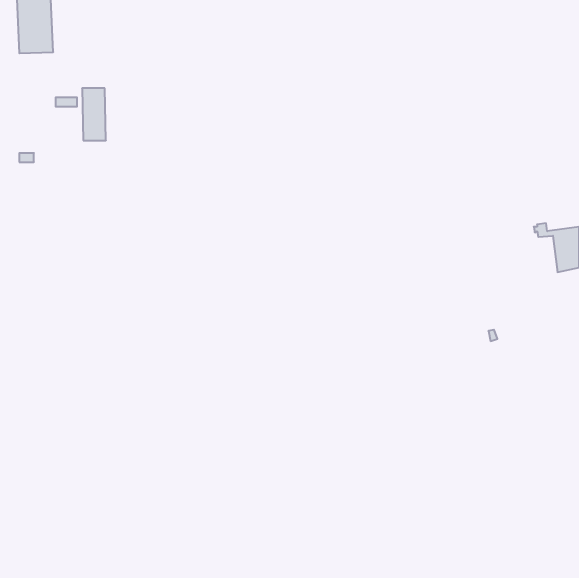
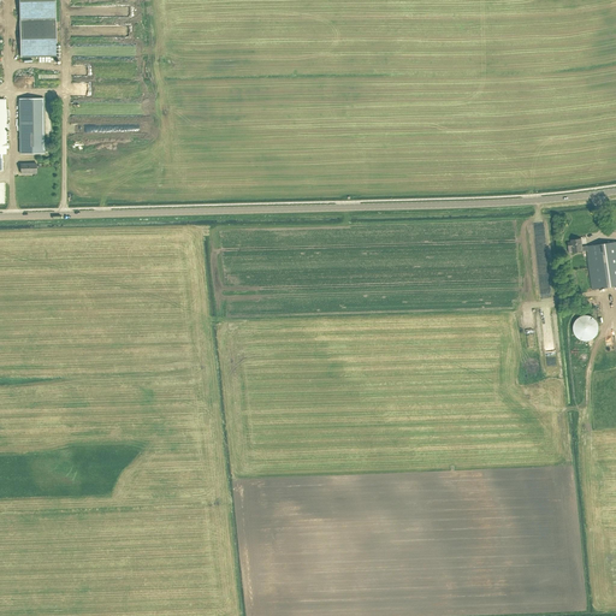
building: [82,88,106,140] -> [19,97,45,153]
building: none -> [573,314,598,340]

